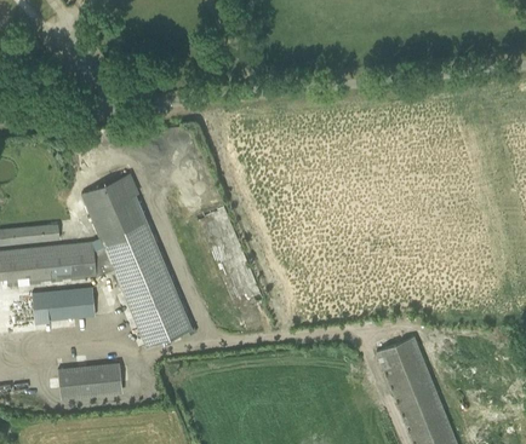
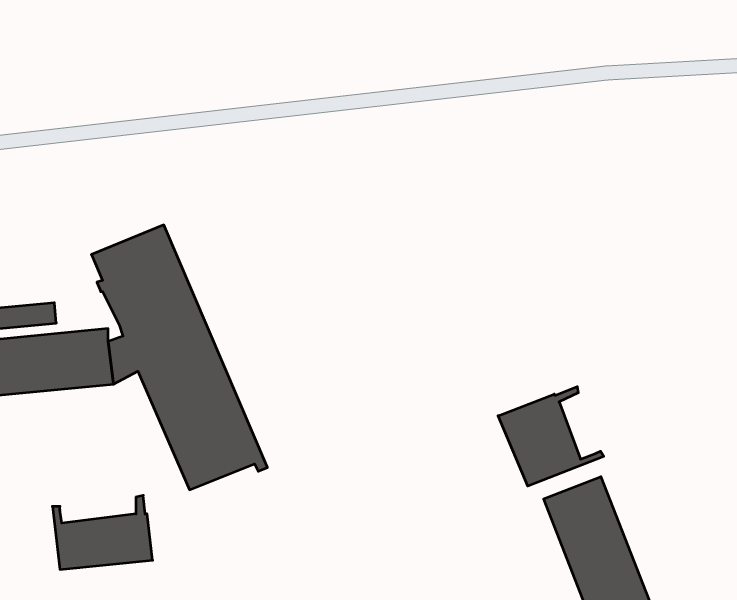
building: none -> [498,387,604,486]
building: [30,286,93,322] -> none

